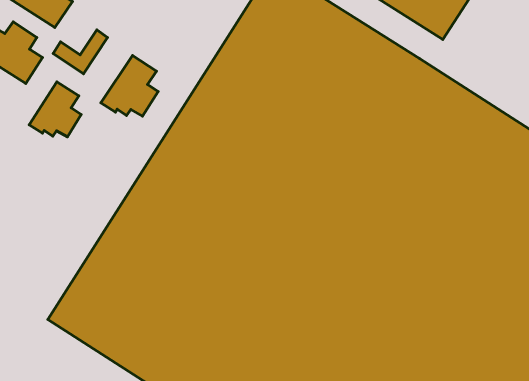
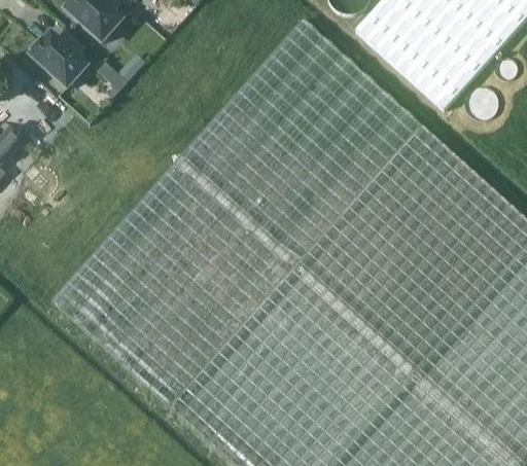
building: [101,55,158,116] -> none
building: [29,82,81,137] -> none

